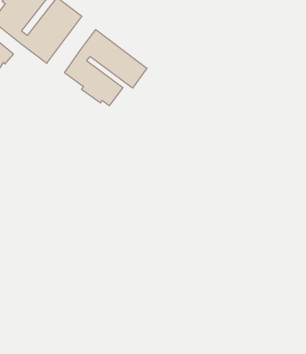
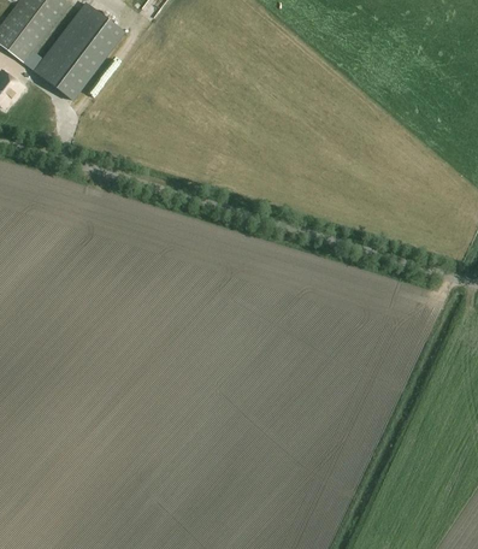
building: [65,30,147,106] -> none

